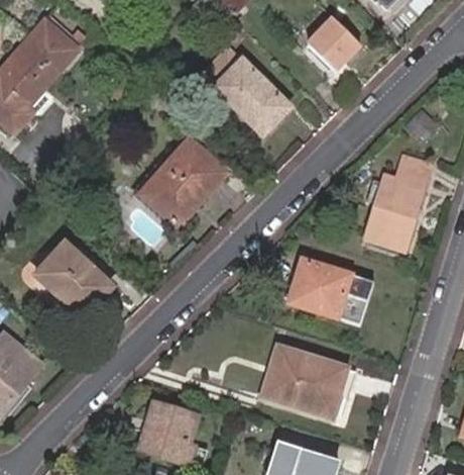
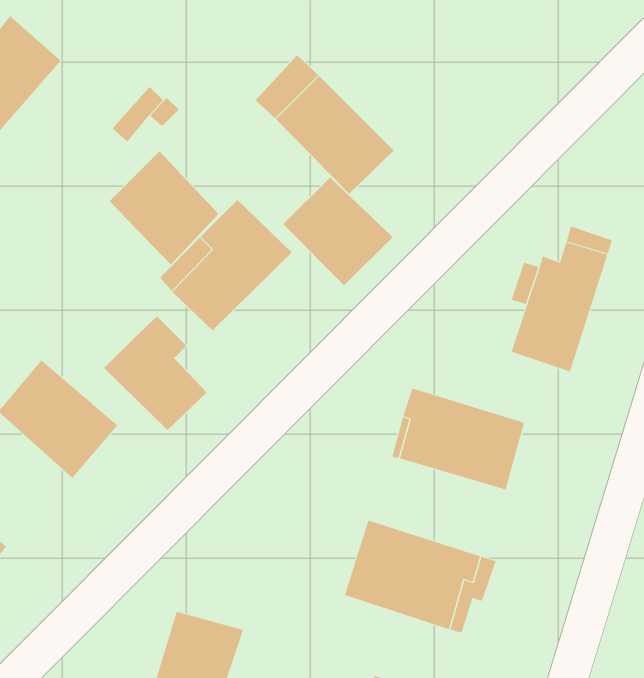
building: [307,17,360,71] -> none
building: none -> [109,150,219,265]
building: none -> [282,177,394,286]
building: none -> [103,316,207,431]

